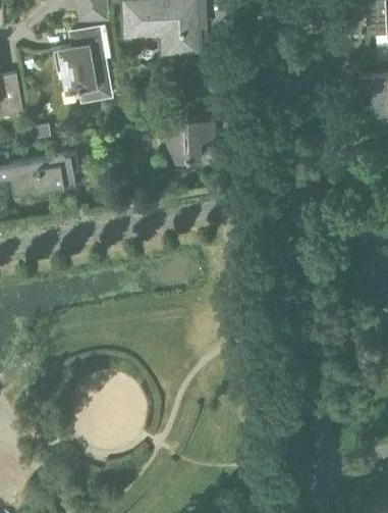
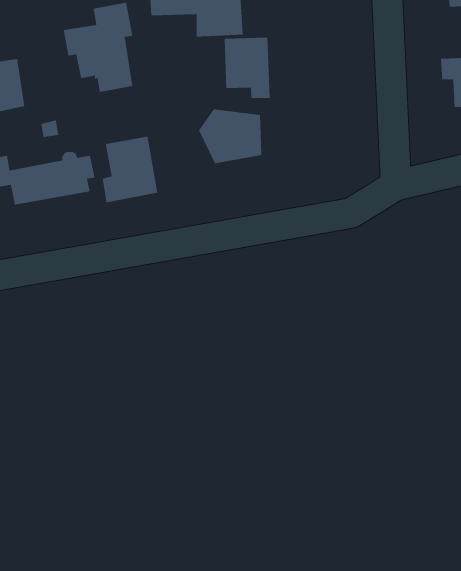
building: none -> [224,37,270,99]
building: none -> [102,136,158,203]

